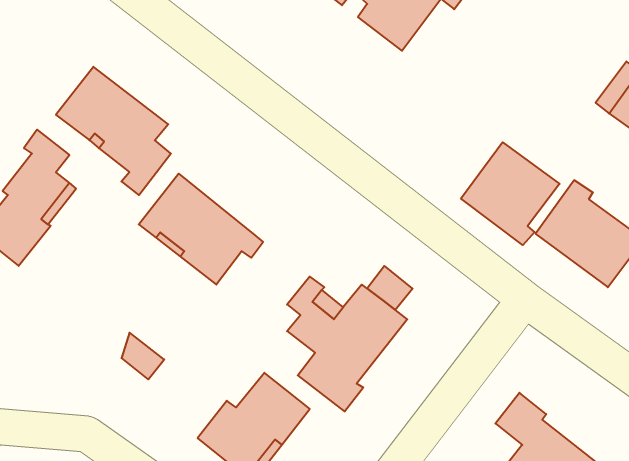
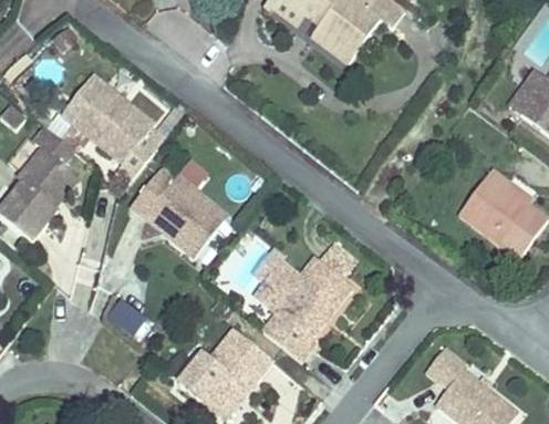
building: [461,142,560,245] -> none

